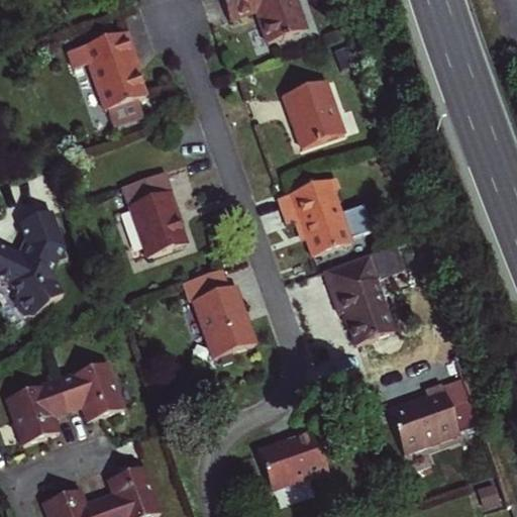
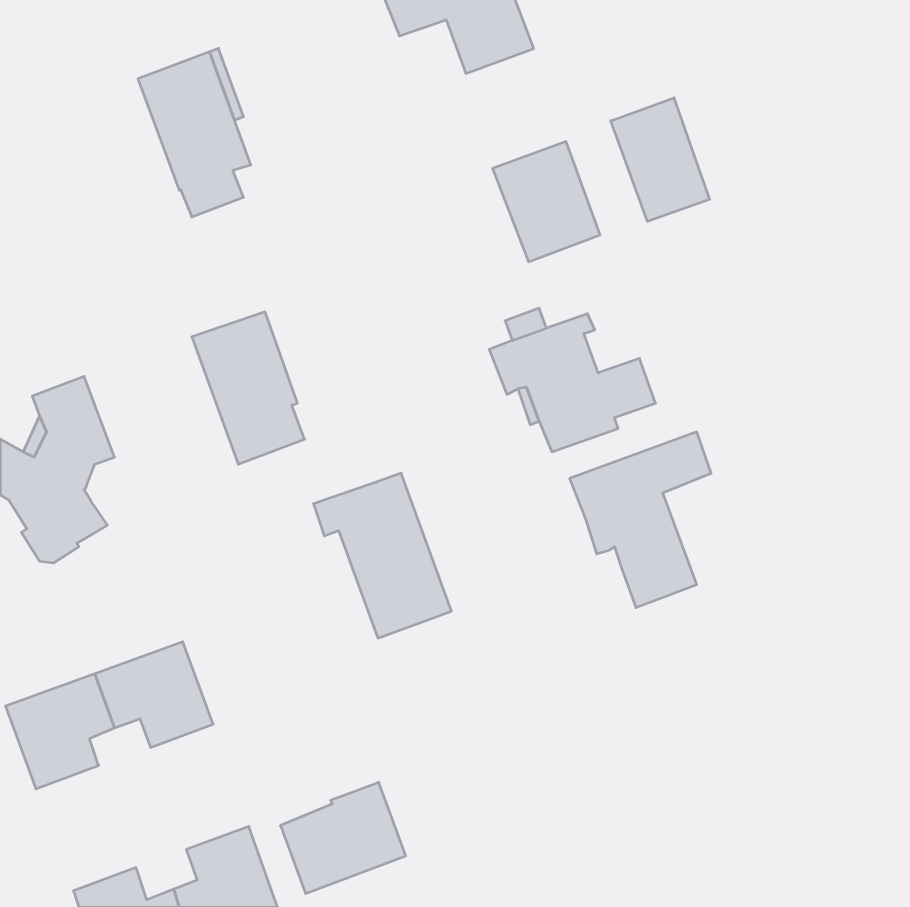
building: none -> [611,98,710,221]
building: [391,382,463,451] -> none
building: [262,428,332,491] -> [280,782,406,894]

